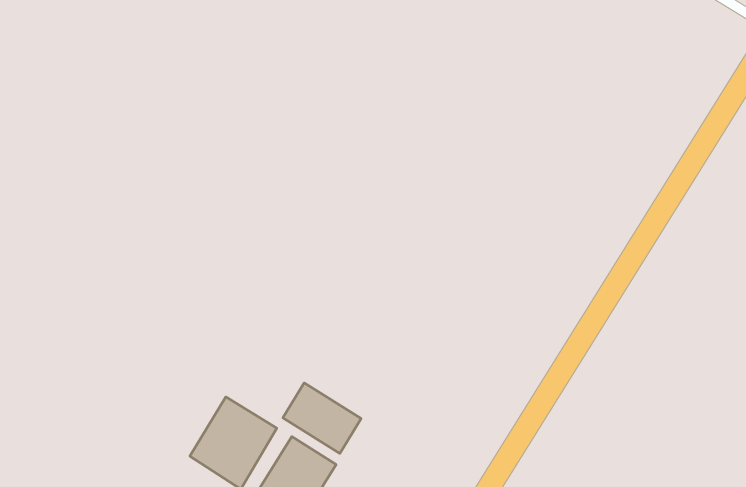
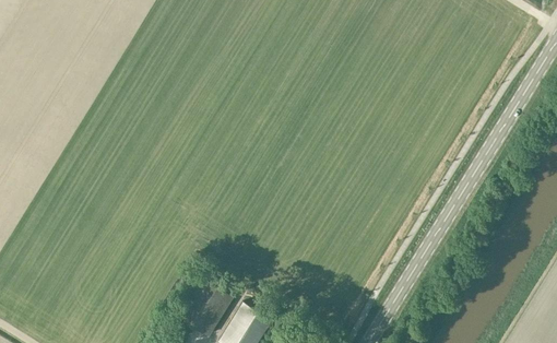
building: [283,383,361,453] -> none

